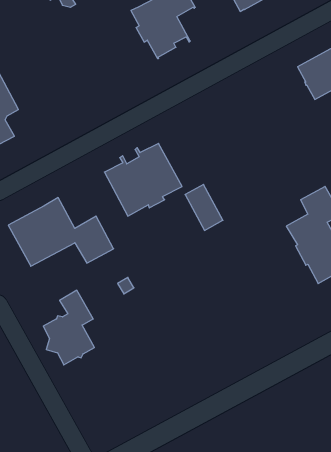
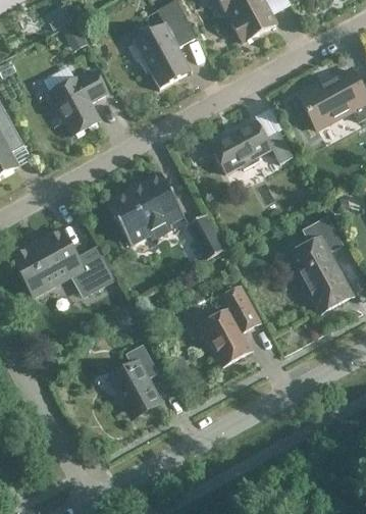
building: none -> [48,69,107,136]
building: none -> [210,120,292,173]
building: none -> [196,287,259,366]
building: [43,290,94,365] -> [108,344,159,418]

